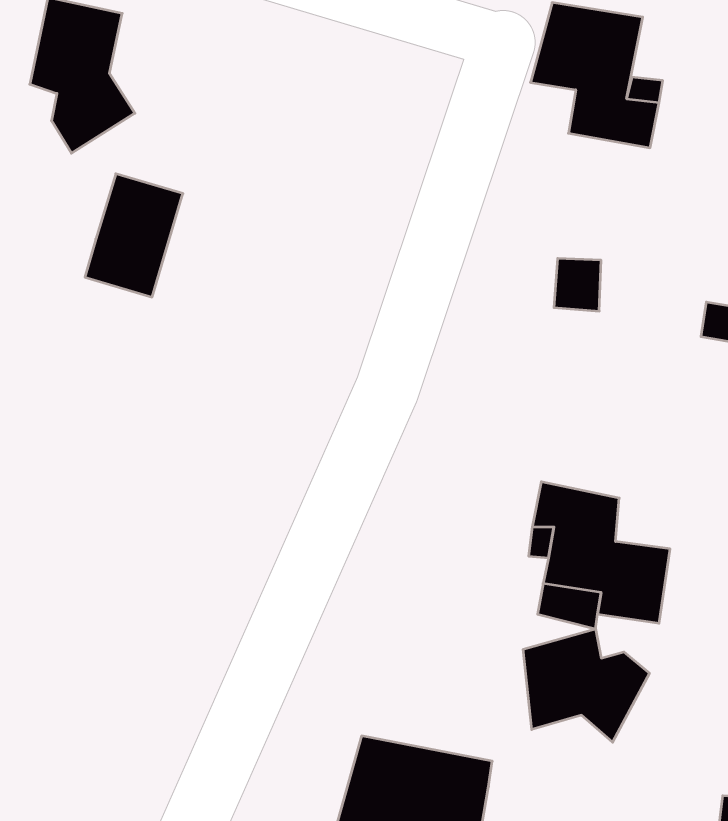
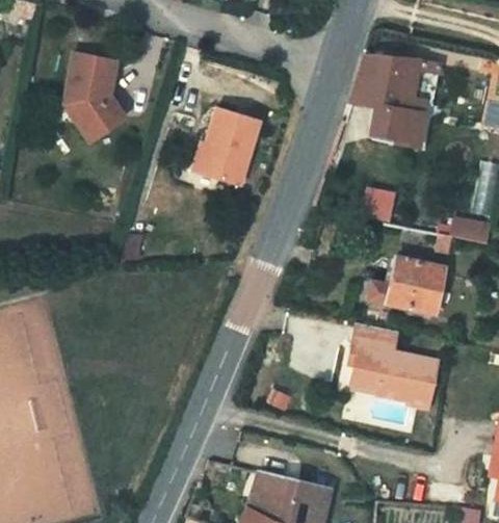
building: [85,174,183,297] -> [202,105,258,176]
building: none -> [374,262,447,318]
building: [523,629,649,742] -> none

